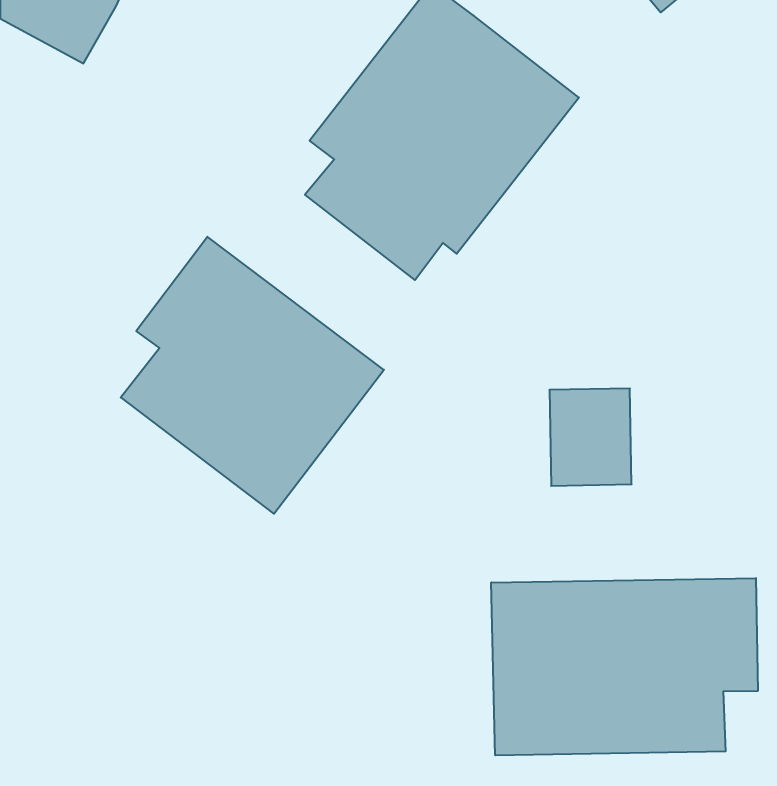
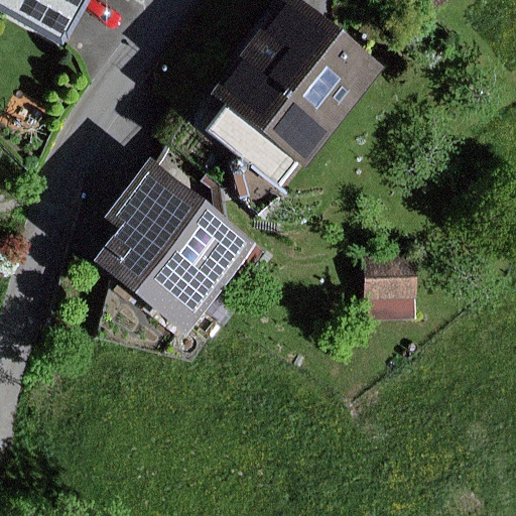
building: [491,578,758,755] -> none

